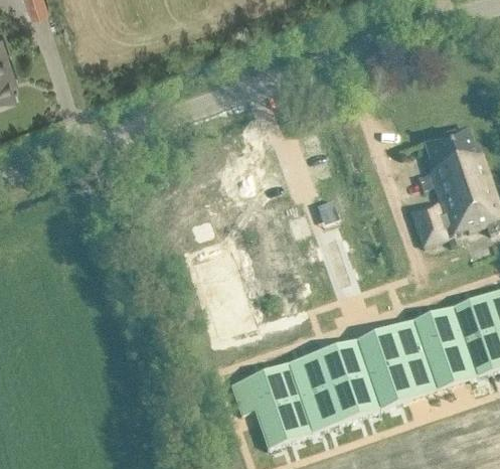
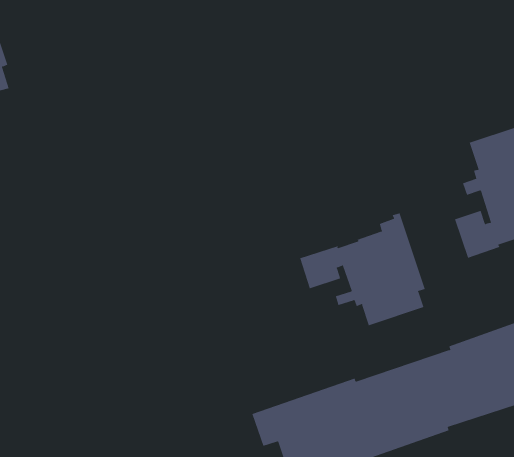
building: none -> [299,212,425,326]

